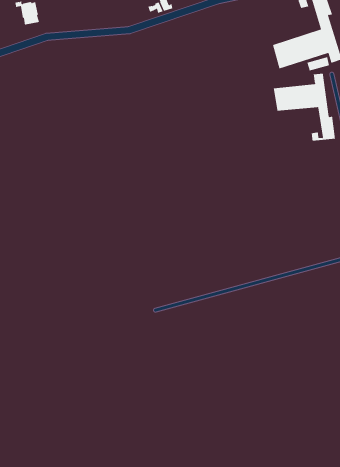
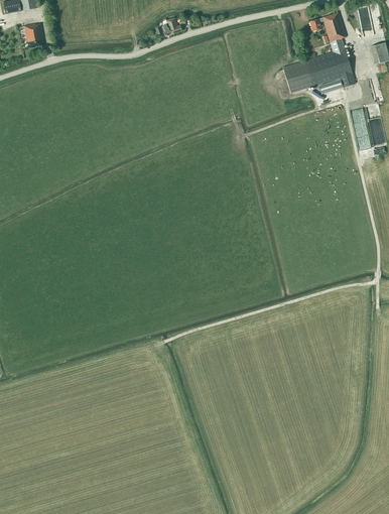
building: [273,73,335,142] -> none

